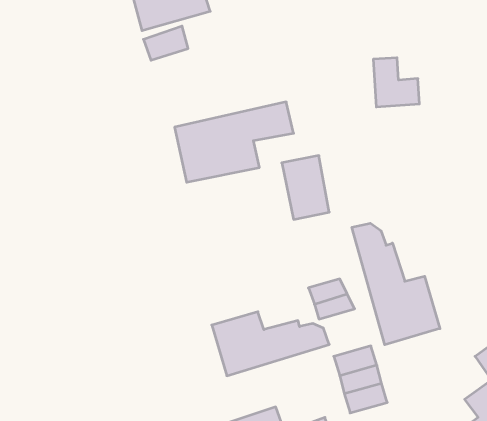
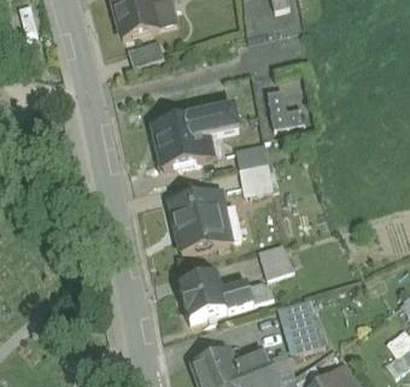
building: [373,58,419,107] -> [264,89,301,129]
building: none -> [172,192,232,253]
building: [352,223,440,345] -> none

